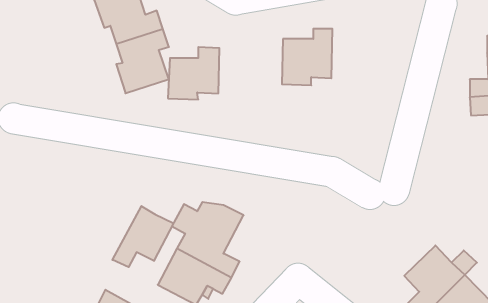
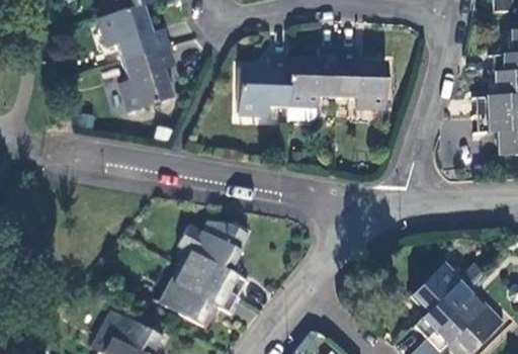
building: none -> [337,49,386,107]
building: [168,47,219,99] -> [237,58,288,110]
building: [112,206,173,267] -> none

